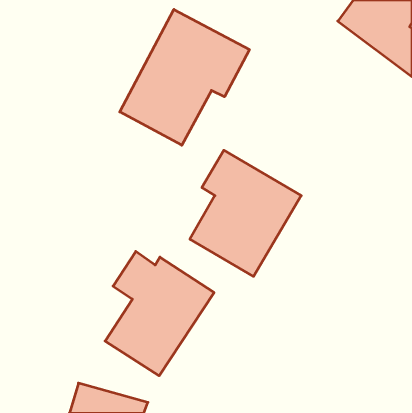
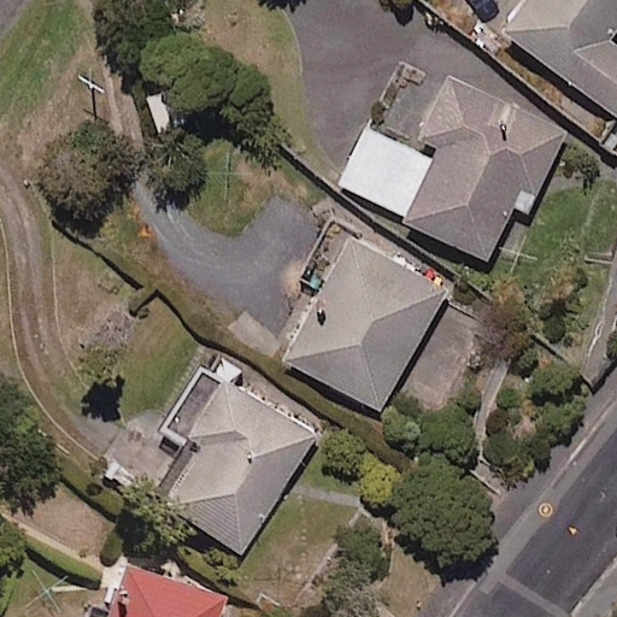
building: [120,9,249,145] -> none
building: none -> [340,74,568,260]

